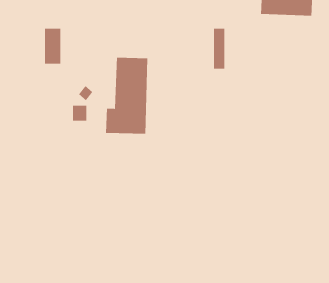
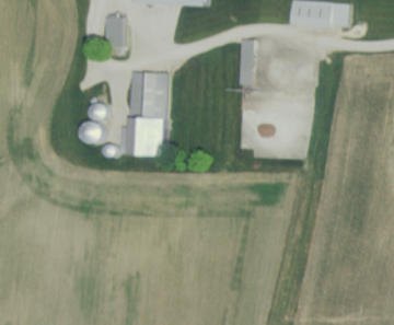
building: [44,28,61,64] -> [105,15,124,55]

